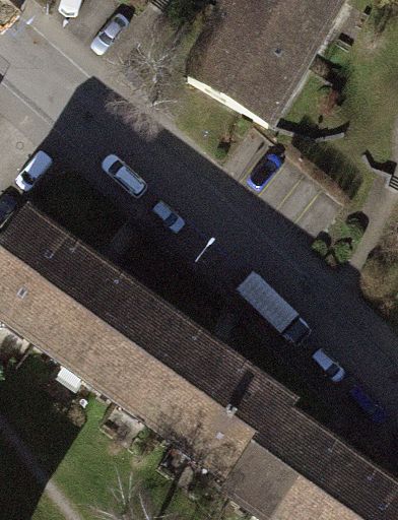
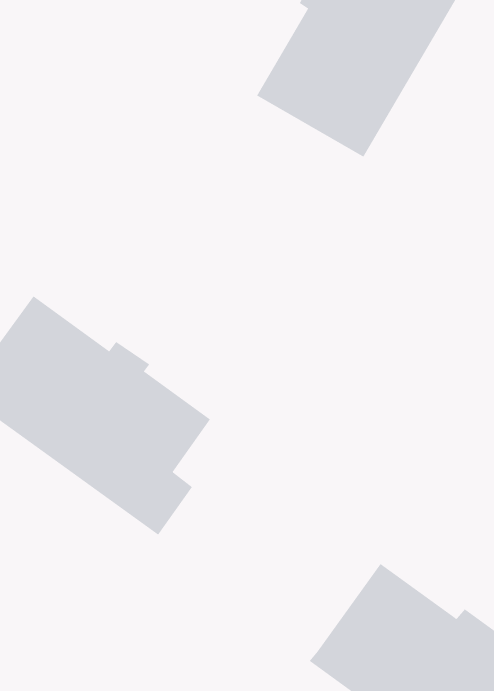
building: [118,311,288,481] -> none

